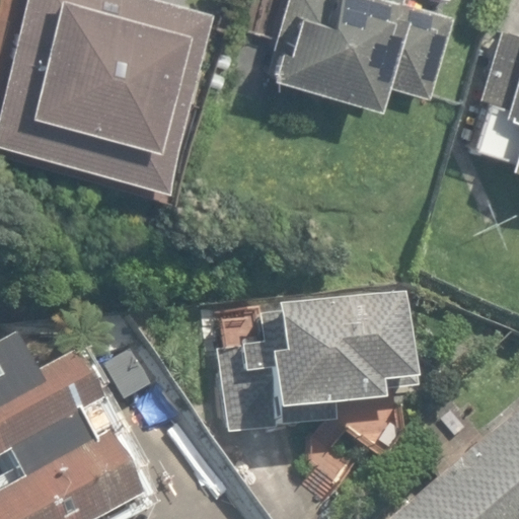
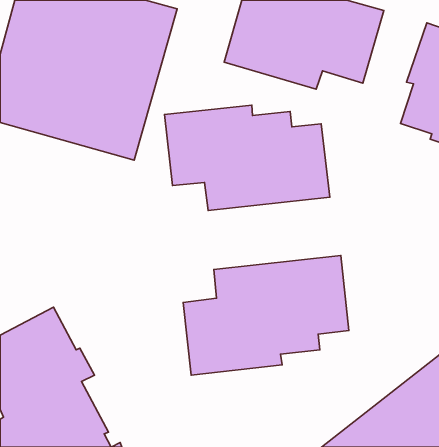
building: none -> [164,105,330,211]

